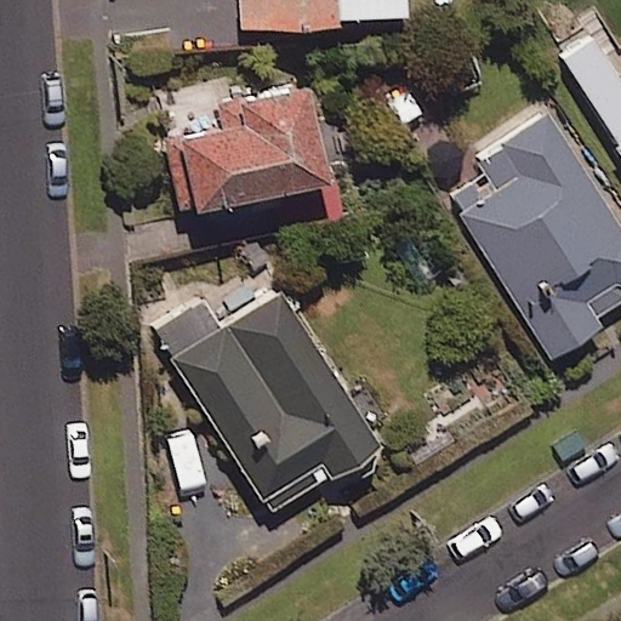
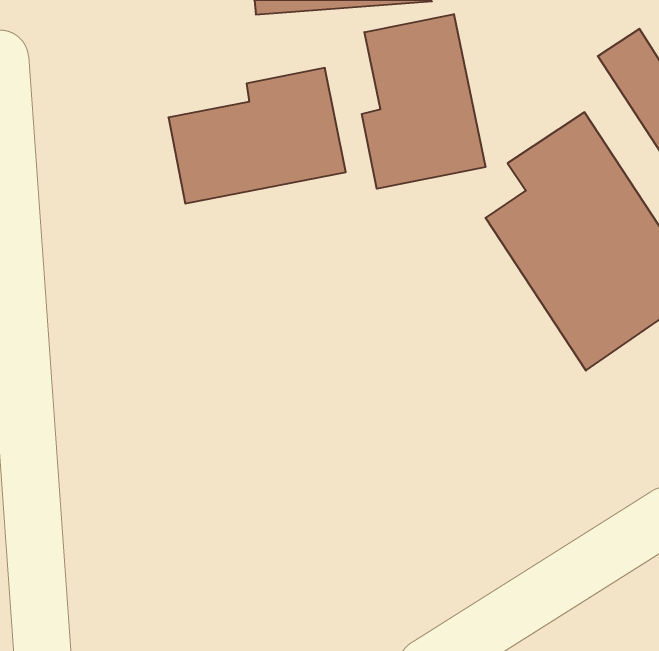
building: none -> [362,14,485,189]
building: [159,292,378,514] -> none

